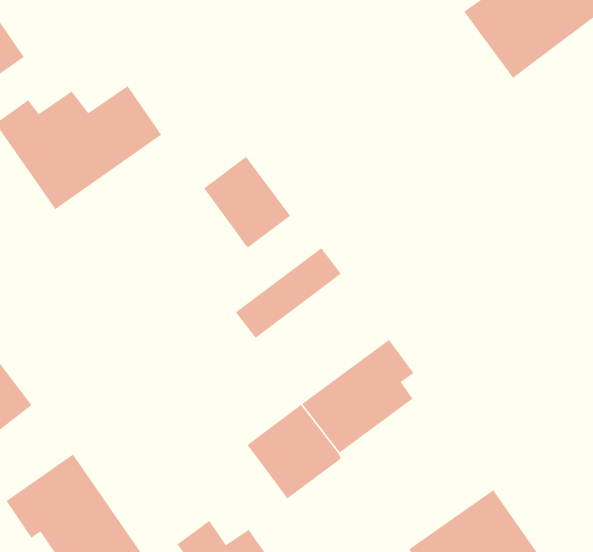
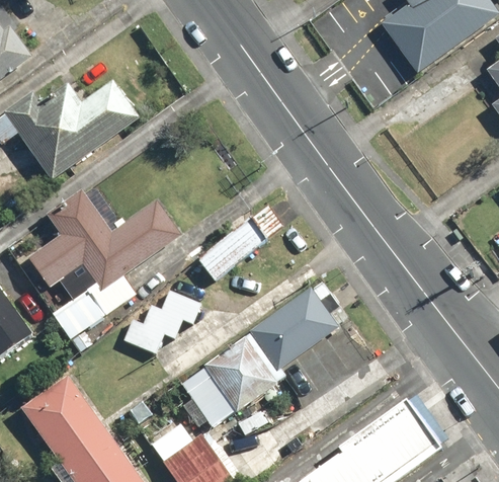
building: [203,156,291,248] -> none
building: none -> [27,182,180,355]
building: none -> [121,291,200,356]
building: none -> [176,366,238,432]

